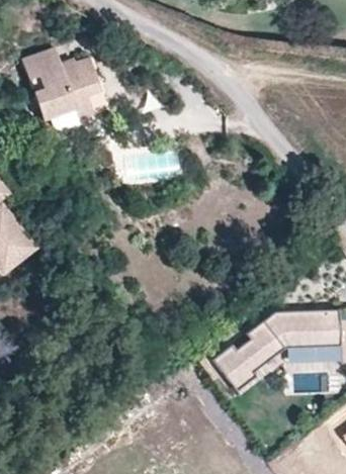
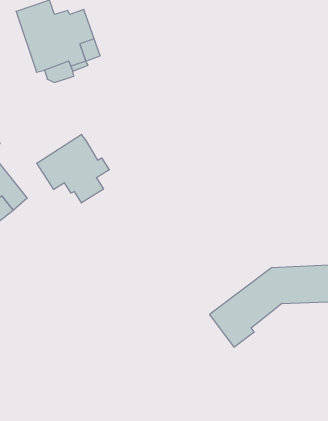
building: none -> [37,134,109,203]

